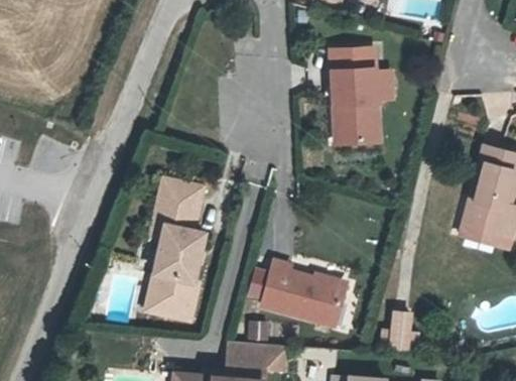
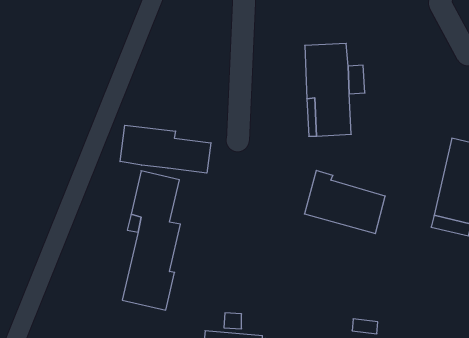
building: none -> [120,125,211,173]
building: [262,260,345,325] -> [304,170,385,234]

